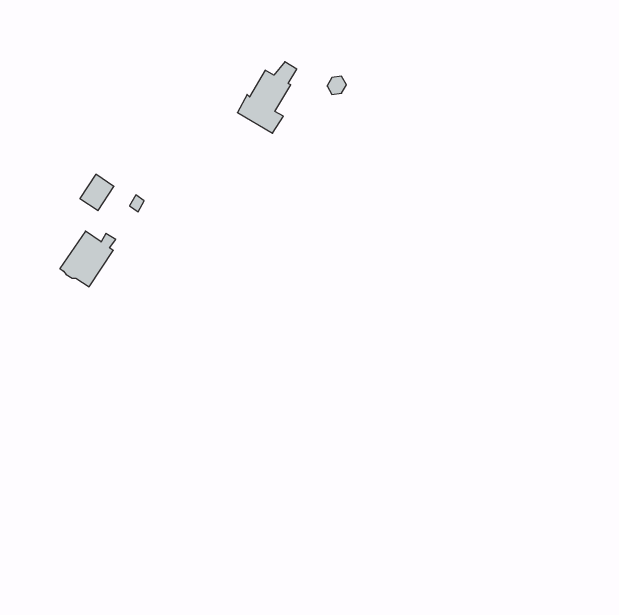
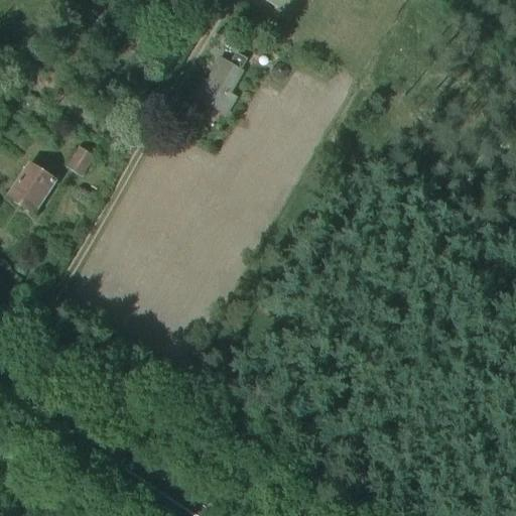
building: [60,231,116,287] -> [10,164,56,211]

